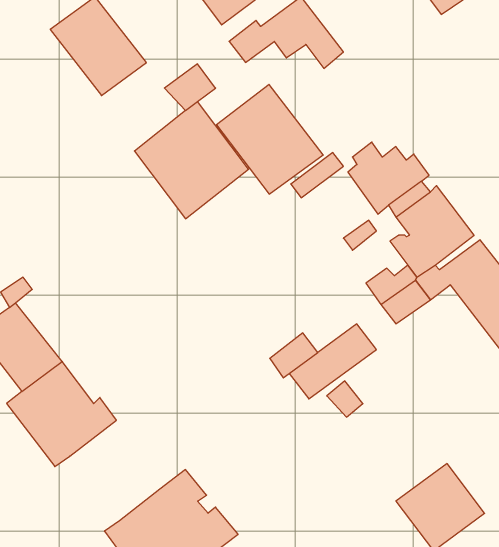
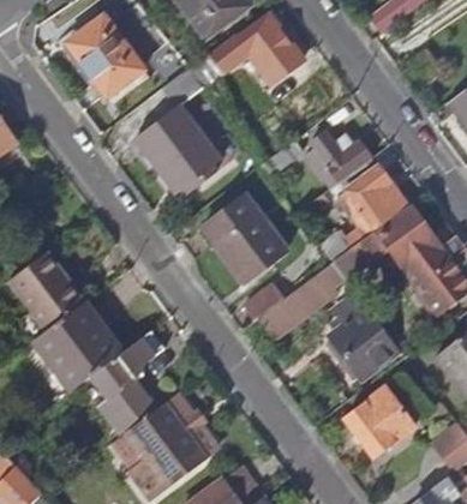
building: [216,84,323,194] -> [202,196,287,283]
building: none -> [330,294,399,379]
building: none -> [84,325,174,434]

